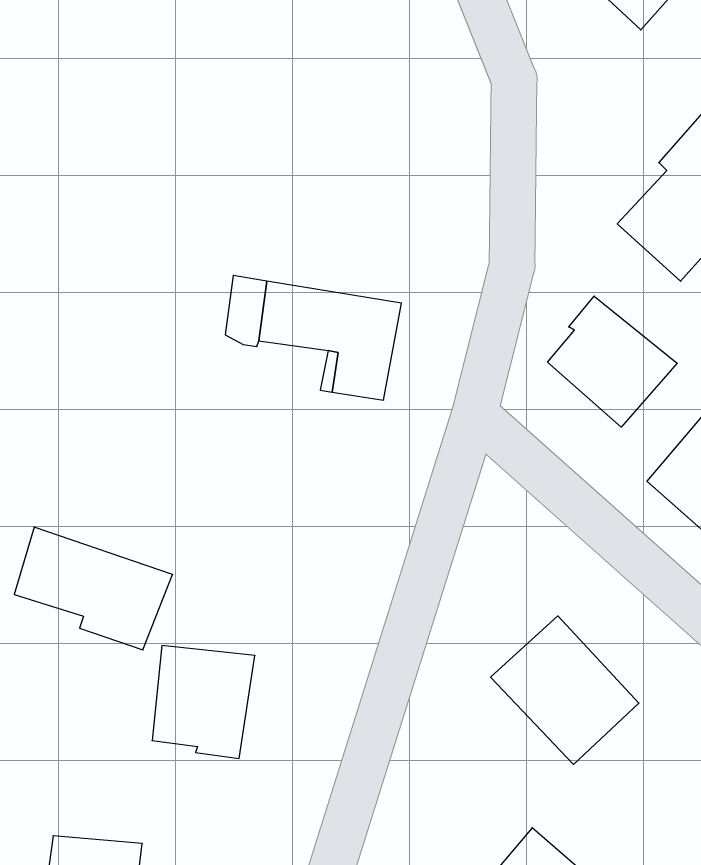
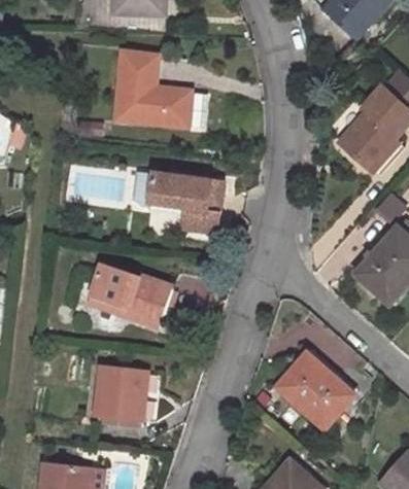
building: none -> [113,51,202,128]
building: [548,296,677,427] -> none
building: [14,527,173,650] -> [91,261,173,325]

